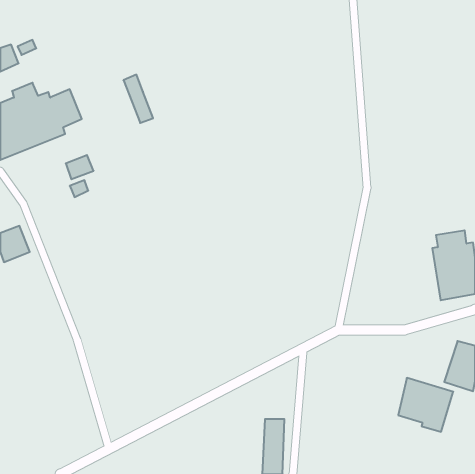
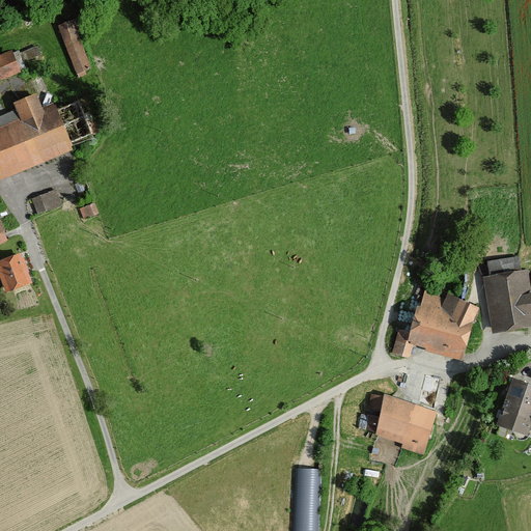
building: [123,75,153,123] -> [58,19,91,73]
building: [66,155,94,179] -> [30,190,61,217]
building: none -> [390,287,479,361]
building: [398,378,453,432] -> [374,394,436,454]

